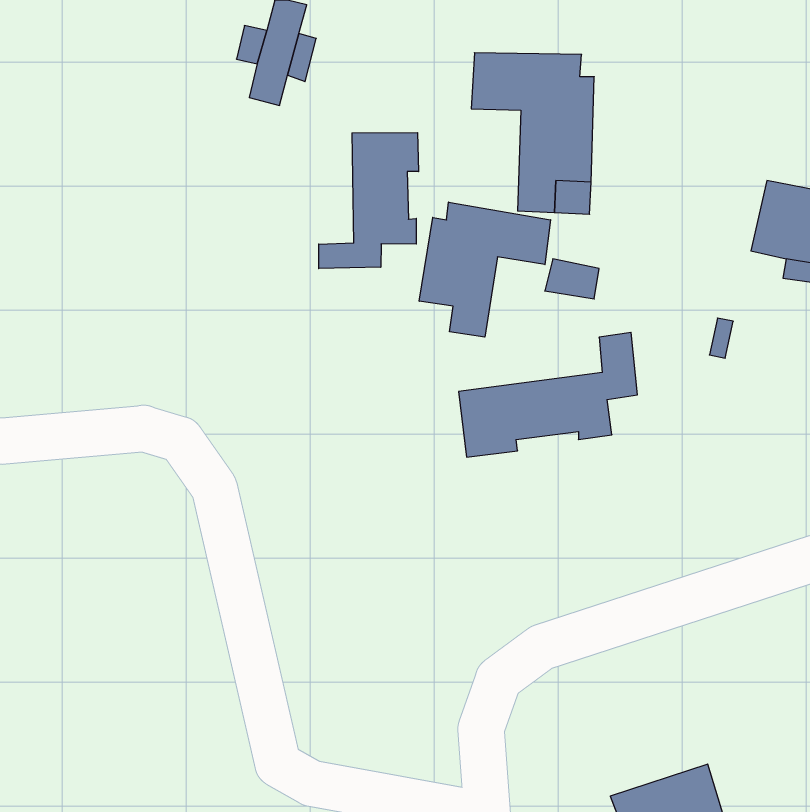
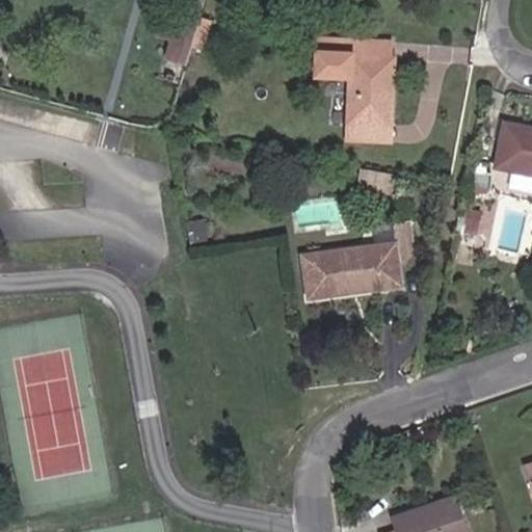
building: [319,133,419,269] -> none
building: [419,202,551,337] -> none

